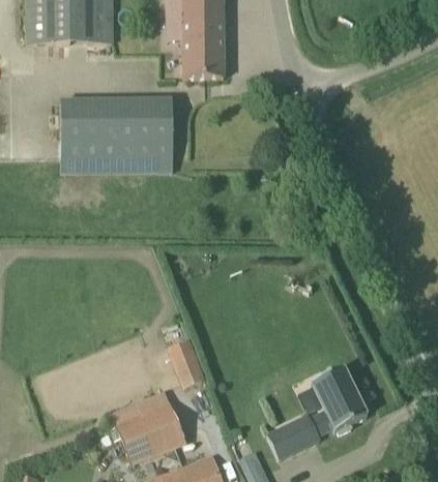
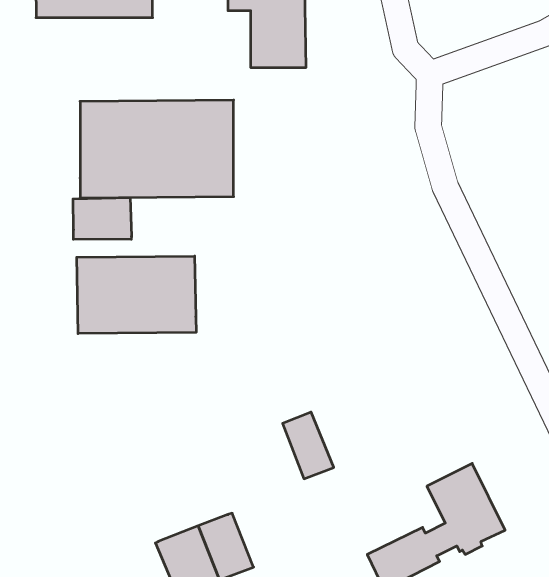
building: none -> [73,198,131,239]
building: none -> [77,256,196,334]
building: [167,338,204,387] -> [283,412,334,479]

